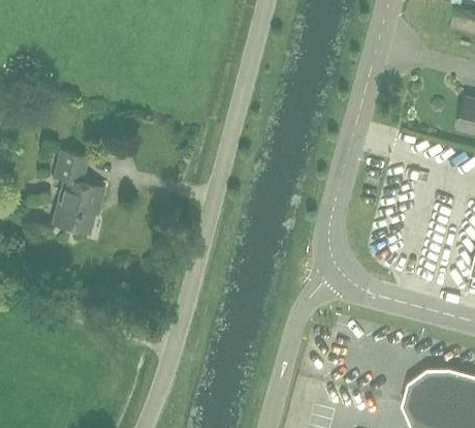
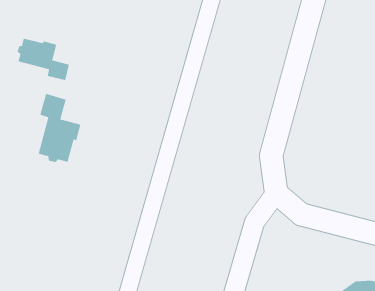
building: none -> [17,38,70,81]

